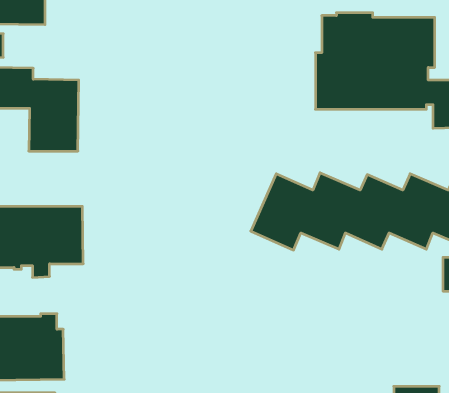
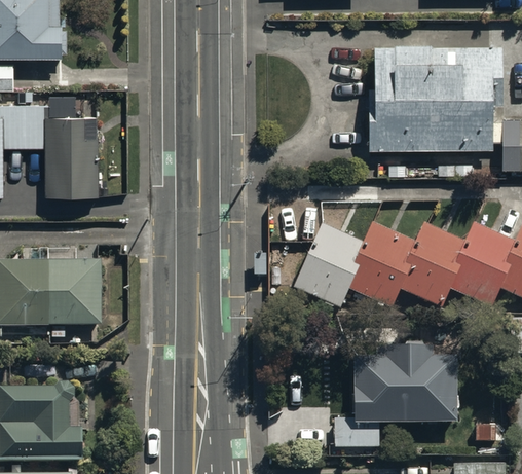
building: none -> [334,341,458,449]

